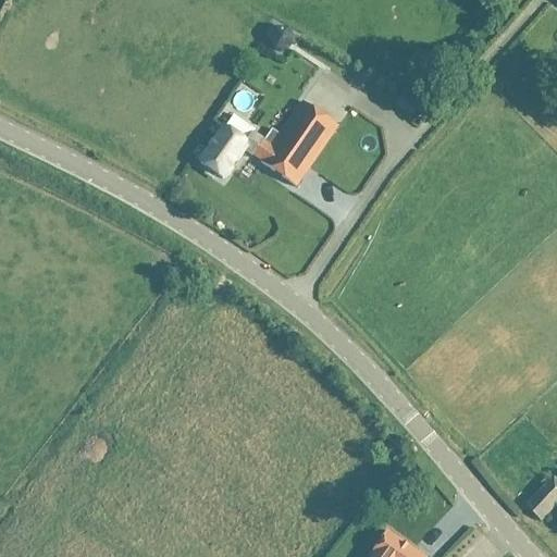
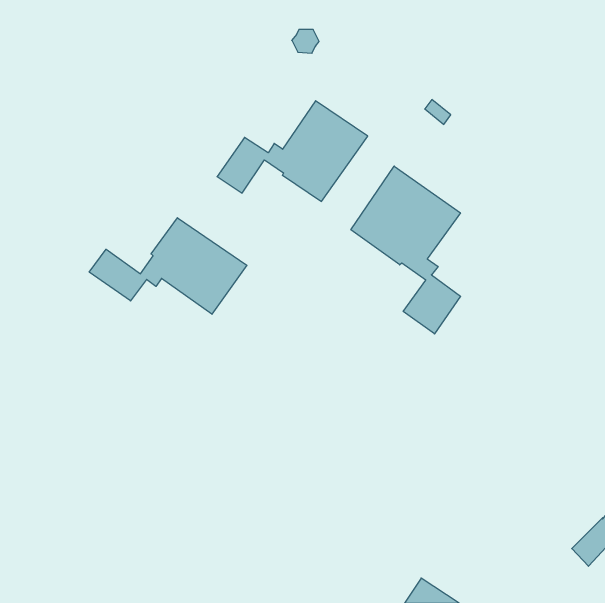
building: none -> [351,166,461,334]
building: none -> [89,218,247,314]

